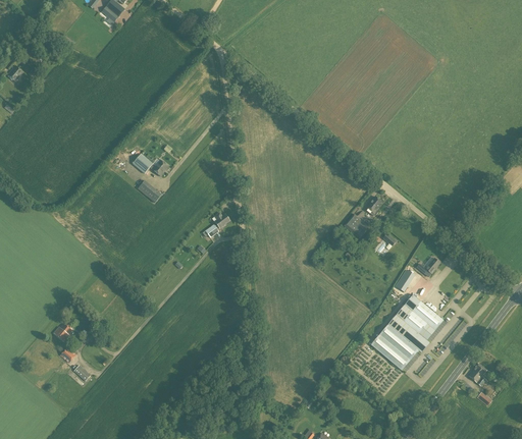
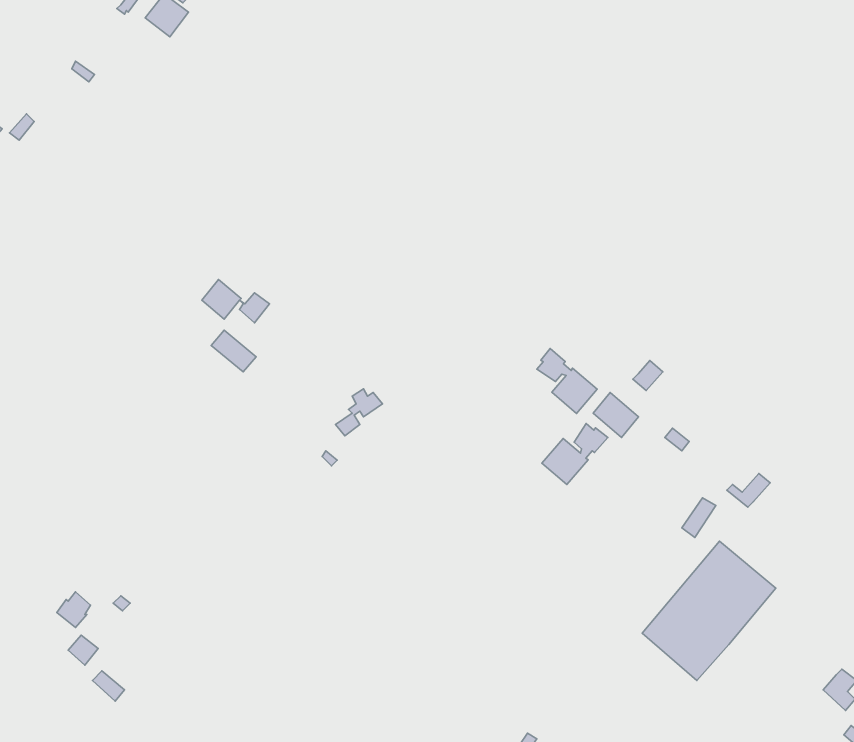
building: none -> [537,348,597,413]
building: none -> [542,423,608,485]

